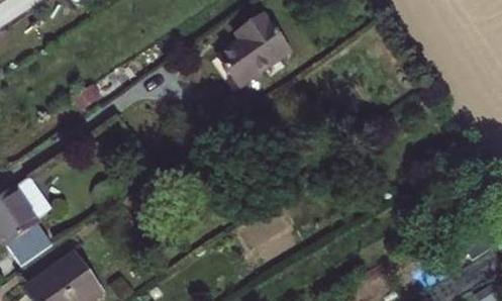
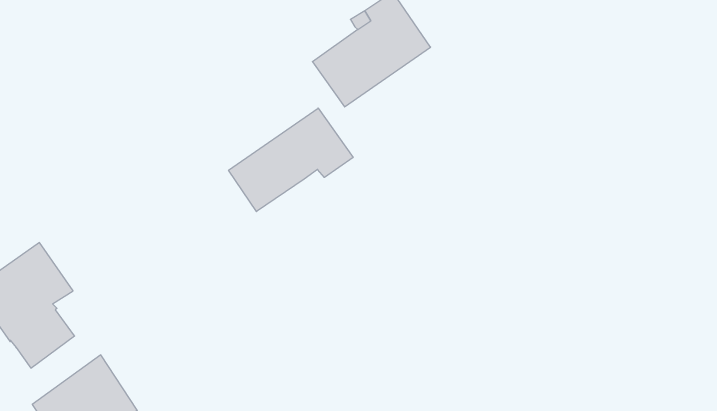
building: none -> [229,108,353,212]

